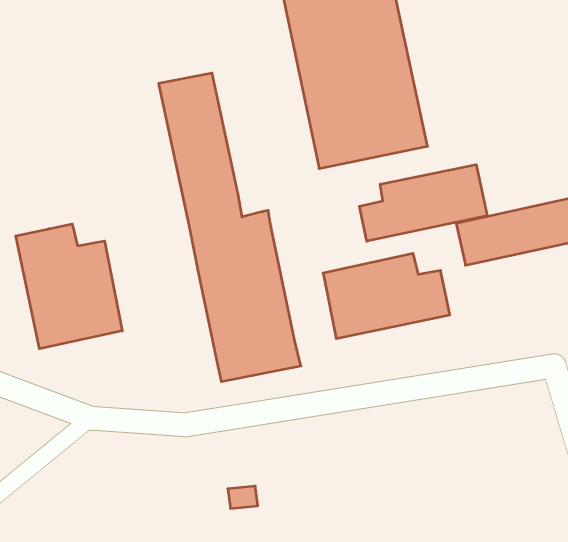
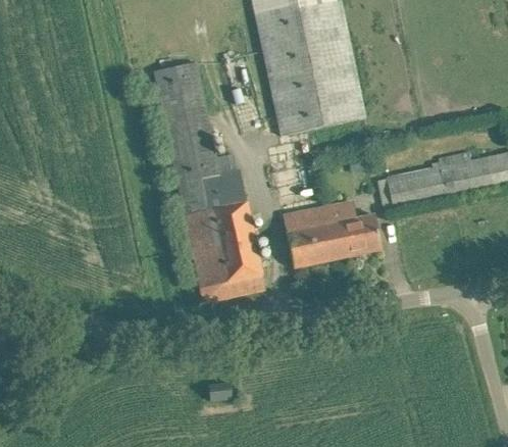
building: [359,165,487,241] -> none
building: [16,224,122,349] -> none

